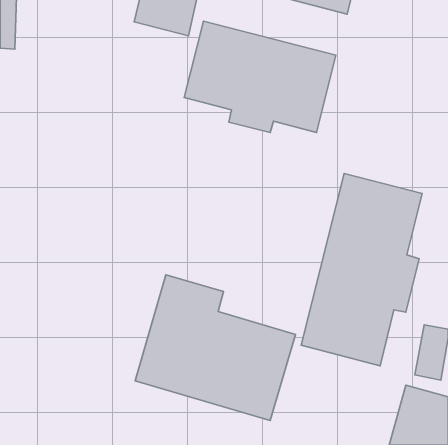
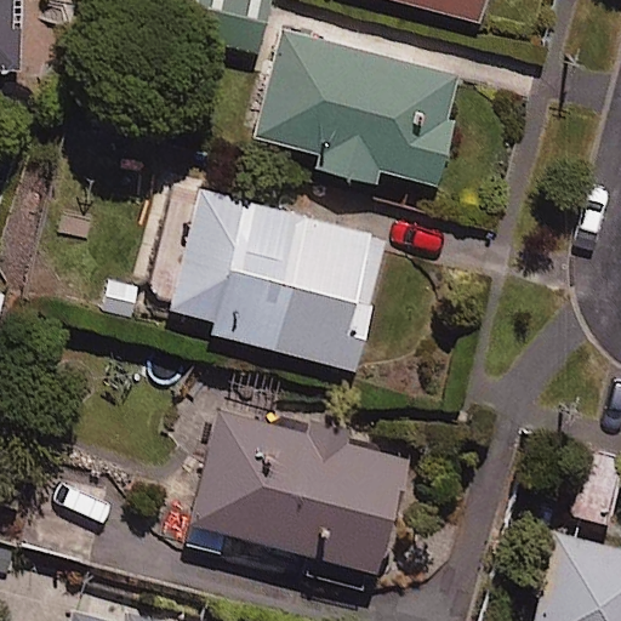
building: none -> [166,188,387,369]
building: [301,173,422,366] -> none

